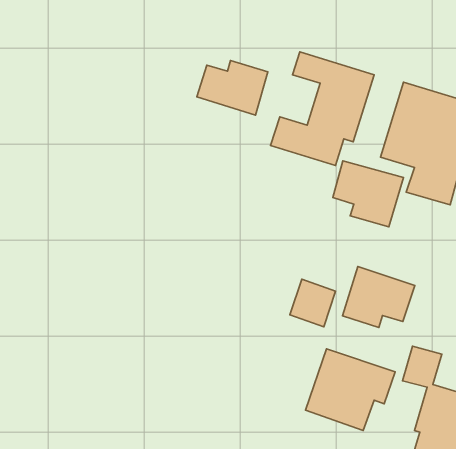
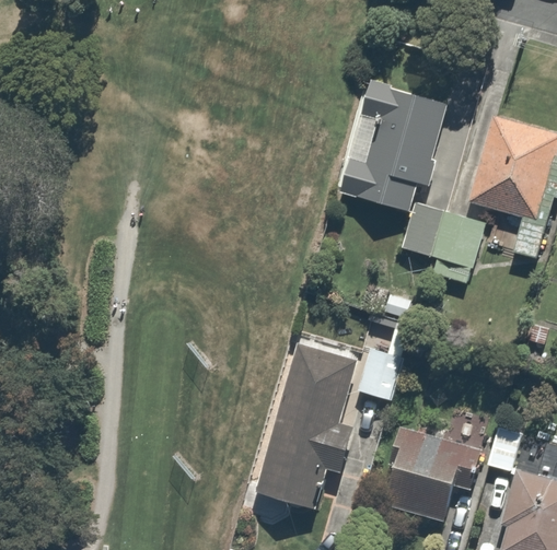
building: [197,61,268,115] -> none
building: [342,266,415,327] -> none
building: none -> [250,340,356,511]

